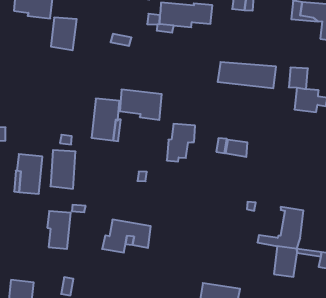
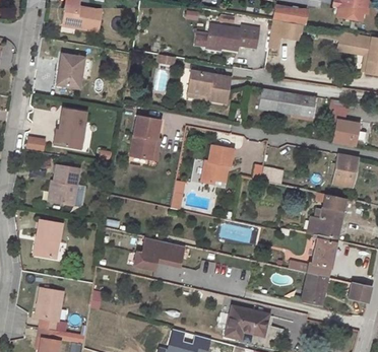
building: [51,18,77,50] -> [56,55,83,88]
building: [120,90,162,120] -> [188,70,231,102]
building: none -> [330,153,357,186]
building: [50,150,76,189] -> [58,110,85,149]
building: none -> [306,194,348,239]
building: [47,211,71,249] -> [38,220,62,259]

